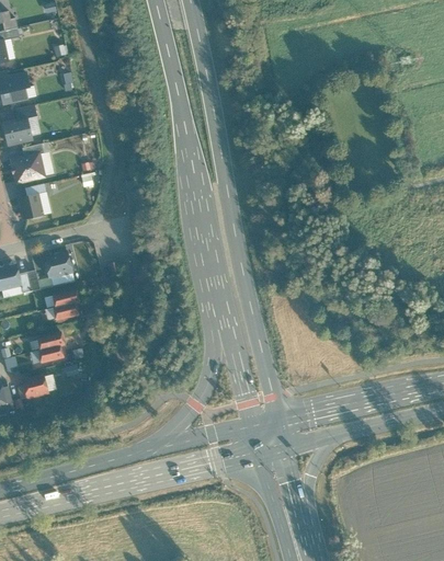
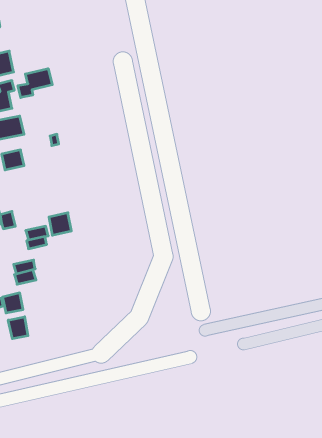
building: none -> [18,69,52,98]
building: [42,251,70,279] -> [49,213,71,235]
building: none -> [8,317,28,339]

